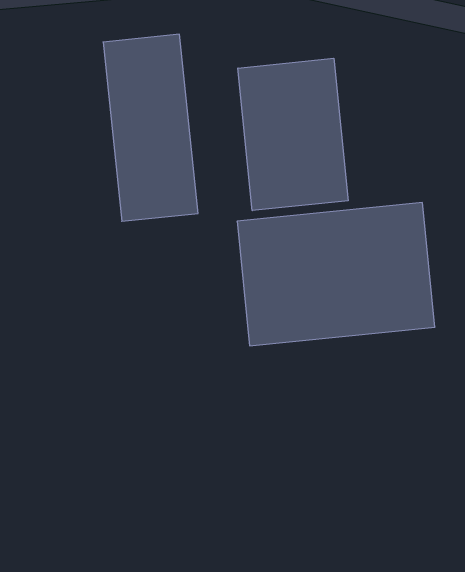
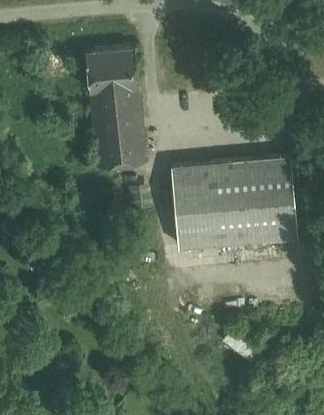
building: [238,58,348,211] -> none

